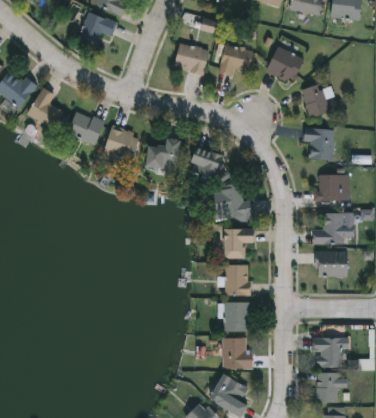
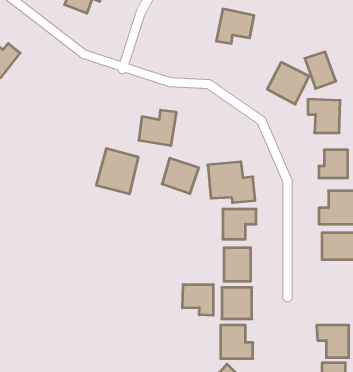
building: [173,43,209,74] -> none
building: [265,46,304,85] -> [267,62,309,104]
building: [26,87,63,129] -> none
building: [66,110,104,145] -> none
building: [101,128,140,170] -> [96,149,138,194]
building: [189,146,223,179] -> [162,158,199,194]
building: none -> [182,284,213,315]

